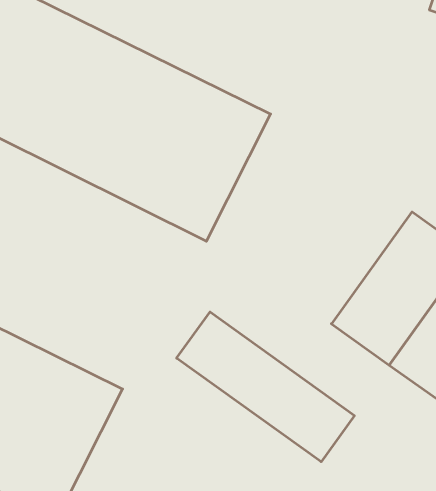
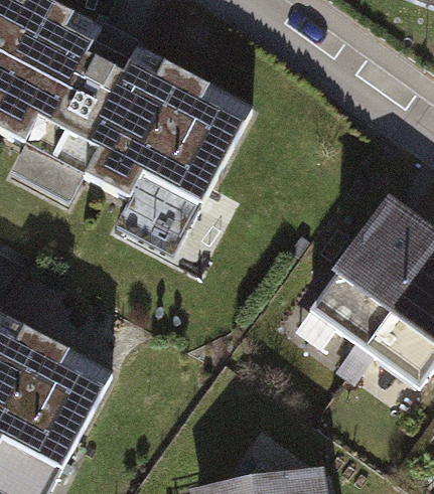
building: [177,312,354,462] -> none

